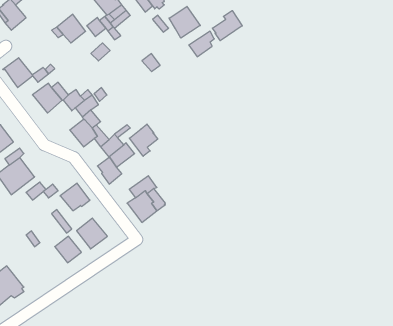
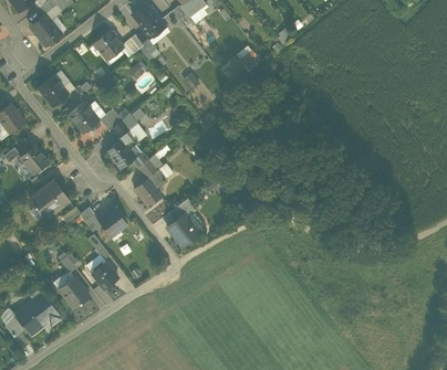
building: [169,6,200,38] -> none
building: [212,11,242,41] -> none
building: [129,124,158,156] -> none
building: [77,218,107,249] -> [58,277,90,309]

